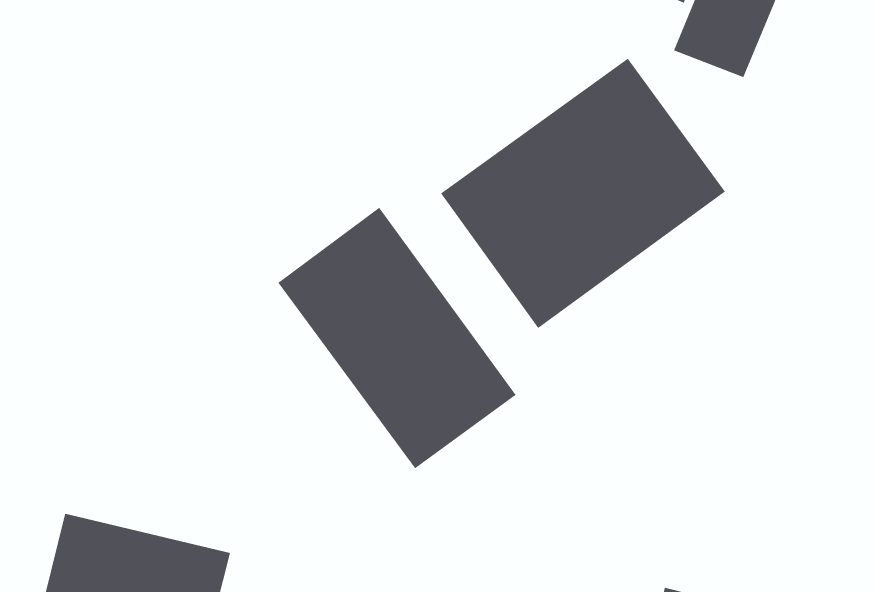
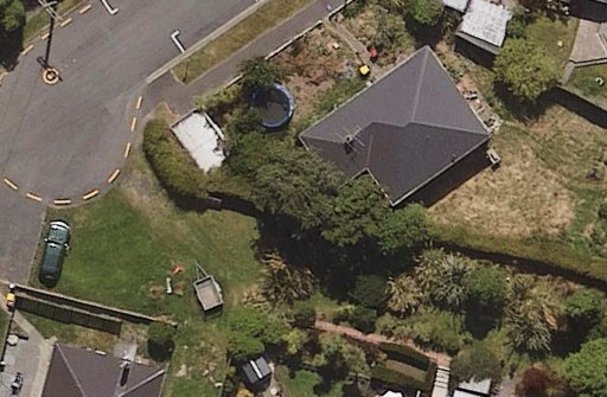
building: [278,207,516,469] -> none

